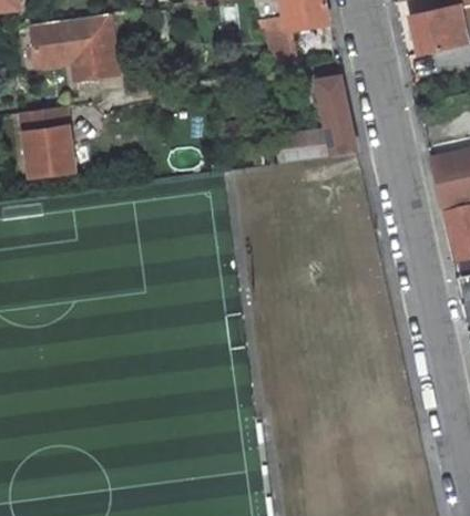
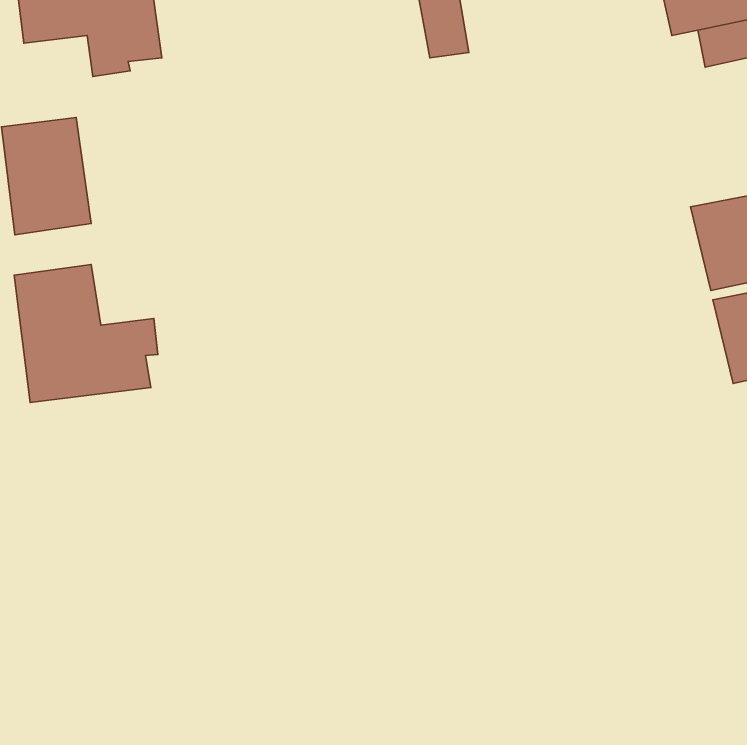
building: [276,75,356,163] -> none
building: none -> [14,265,158,403]

